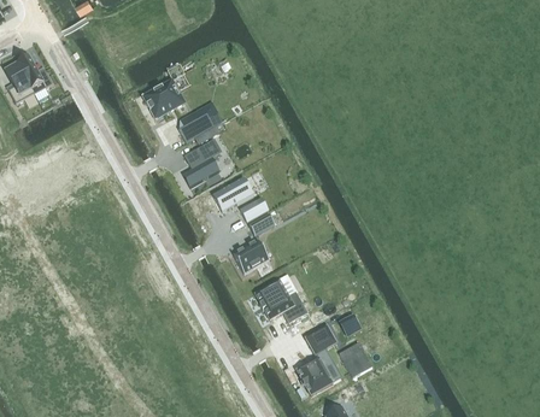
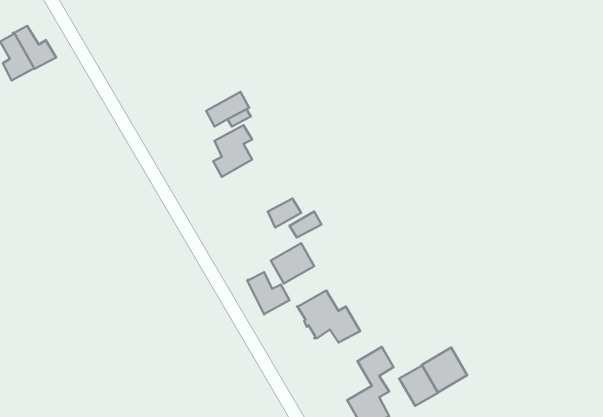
building: [142,80,184,119] -> none
building: [212,178,252,212] -> none
building: none -> [247,272,290,315]
building: none -> [422,348,467,392]

